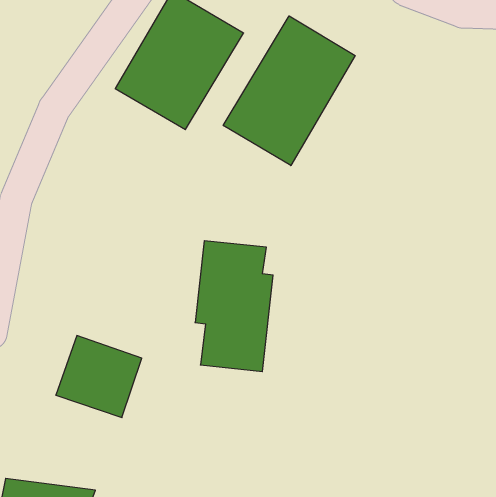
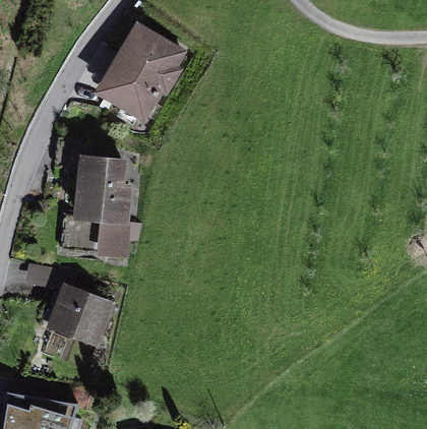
building: [223,16,355,166] -> none
building: [195,241,273,372] -> [74,158,134,258]

